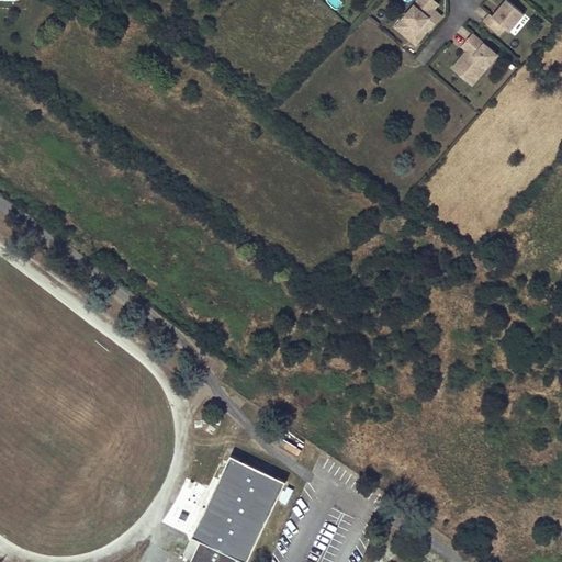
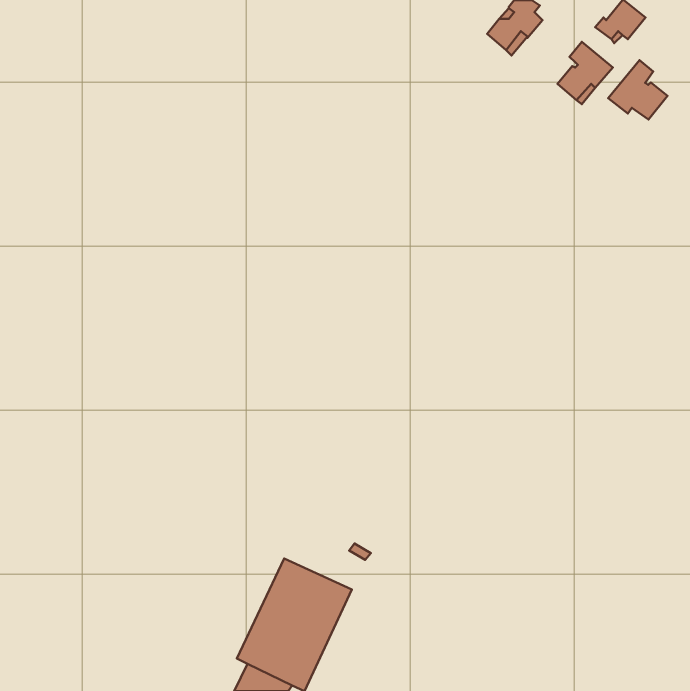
building: none -> [608,60,668,120]

